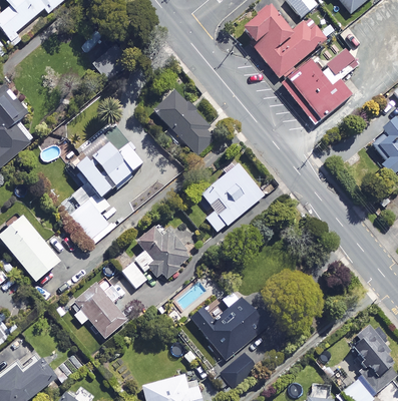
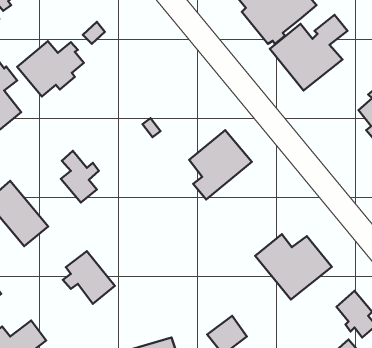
building: [154,89,217,154] -> none
building: [74,139,141,195] -> [17,41,84,97]
building: [121,226,191,289] -> none
building: [188,295,266,361] -> [255,234,332,300]

